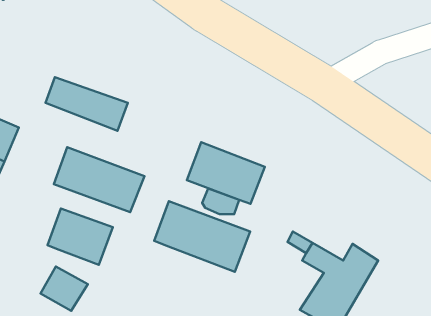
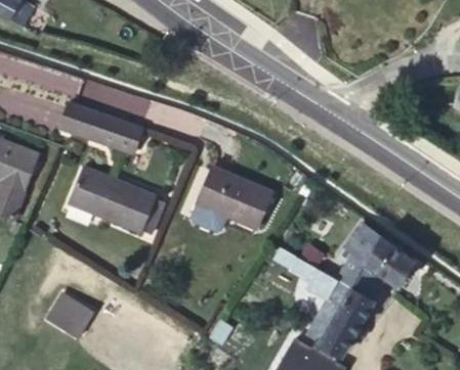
building: [154,201,250,272] -> none
building: none -> [342,227,412,284]
building: [48,208,113,265] -> none

